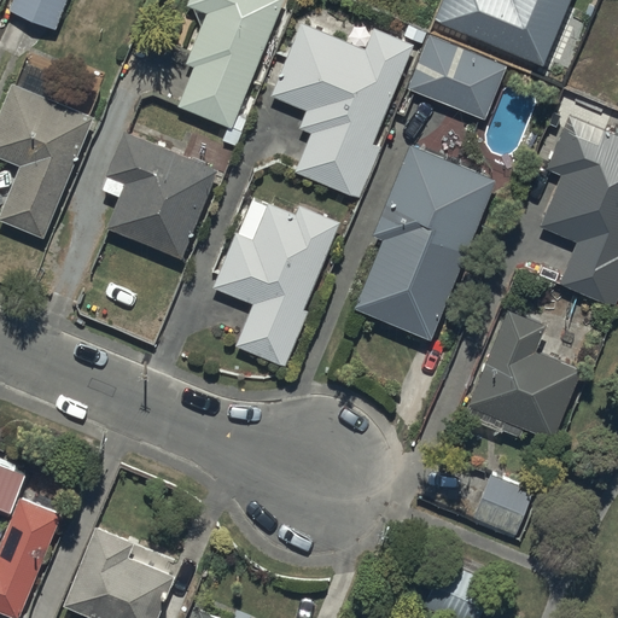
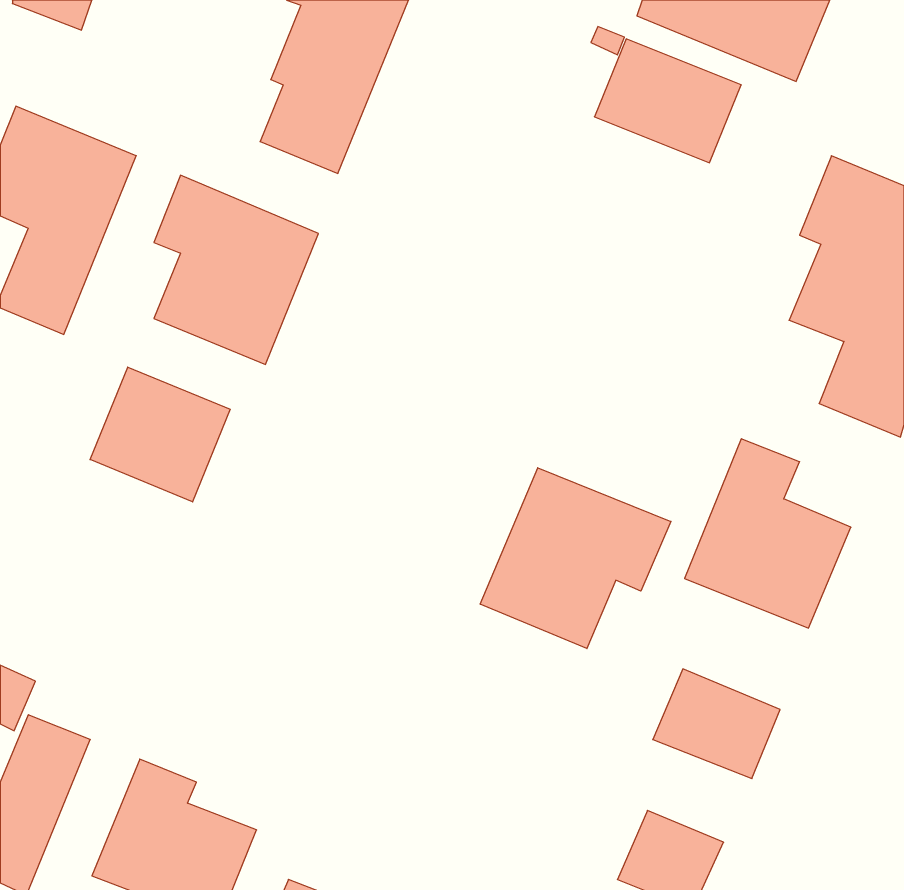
building: [270,24,413,200] -> none
building: [354,144,495,338] -> none
building: [212,200,339,367] -> none
building: none -> [90,367,230,502]
building: none -> [480,468,671,649]

